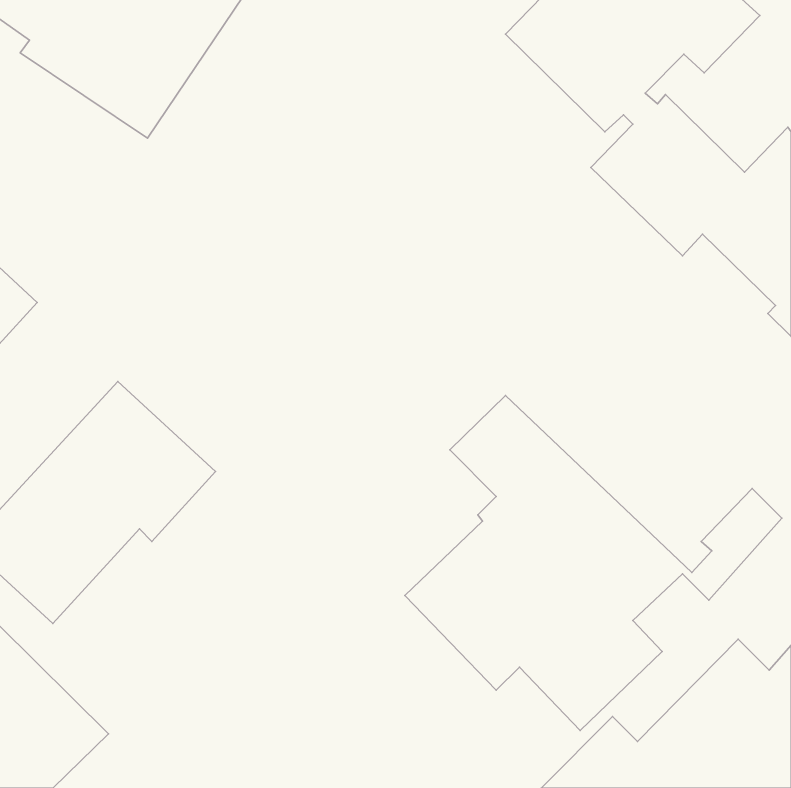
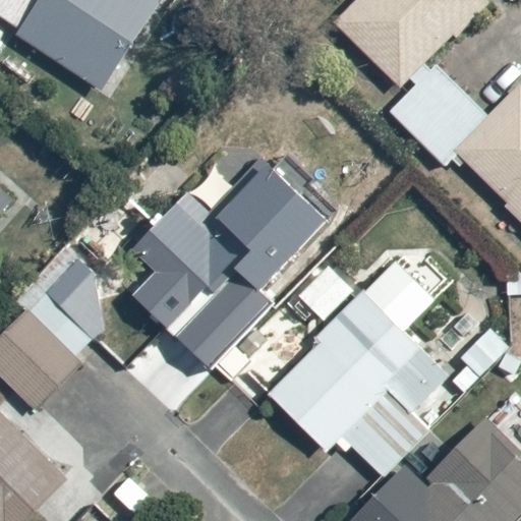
building: none -> [136,169,323,374]

